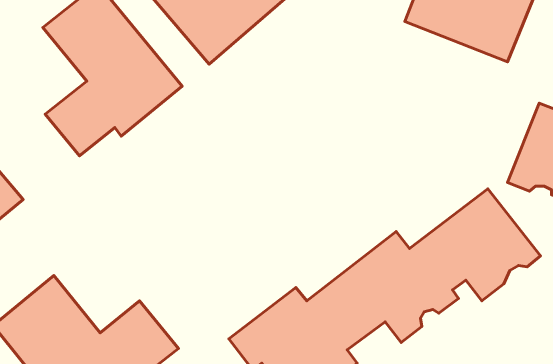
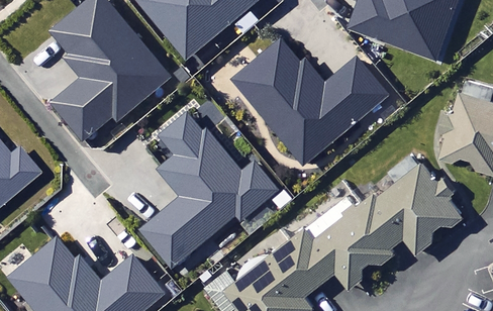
building: none -> [233,37,387,165]
building: none -> [140,111,277,266]

